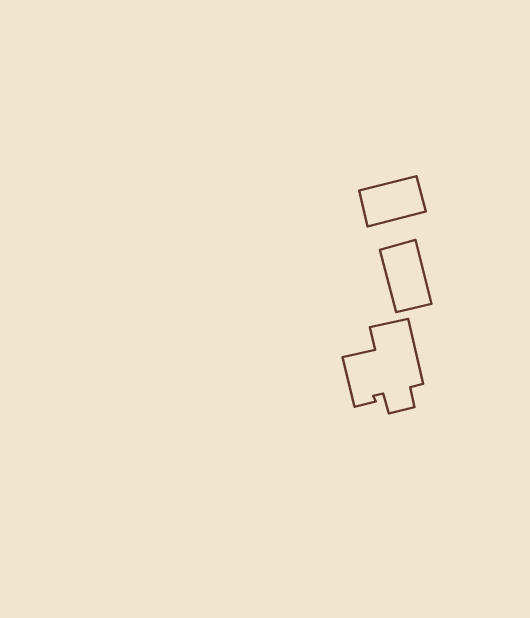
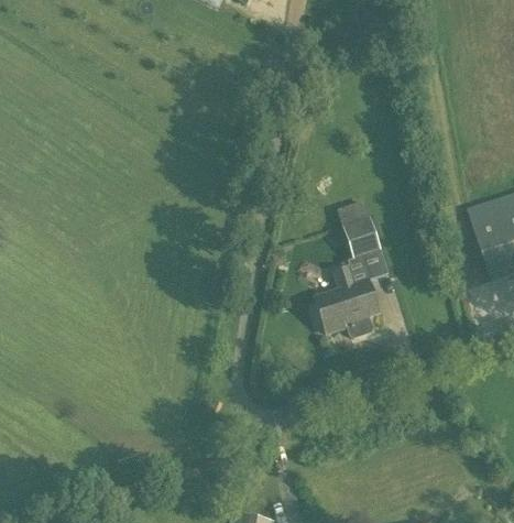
building: [359,176,426,226] -> none

